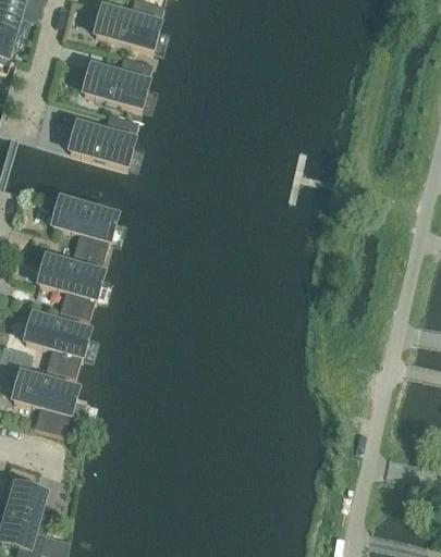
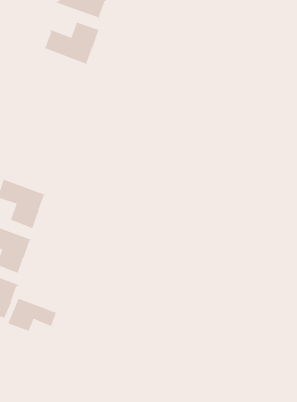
building: [70,111,138,163] -> none
building: [52,199,117,259] -> none
building: none -> [7,297,58,332]

